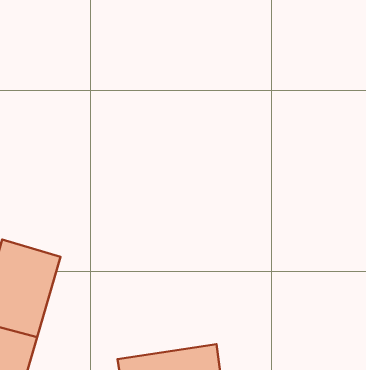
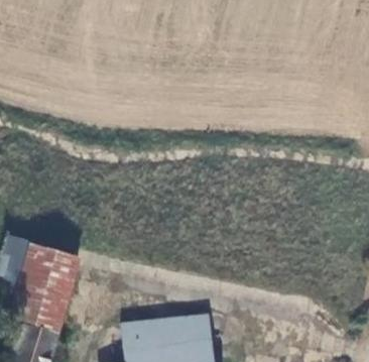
building: none -> [123,313,213,348]

